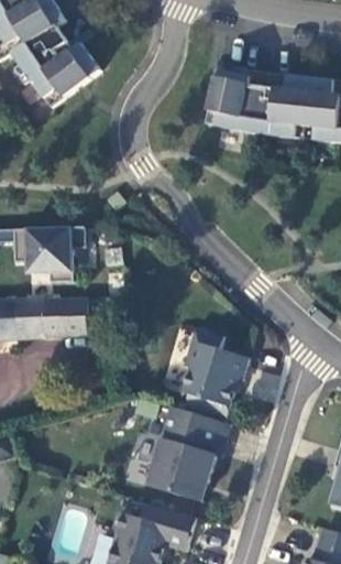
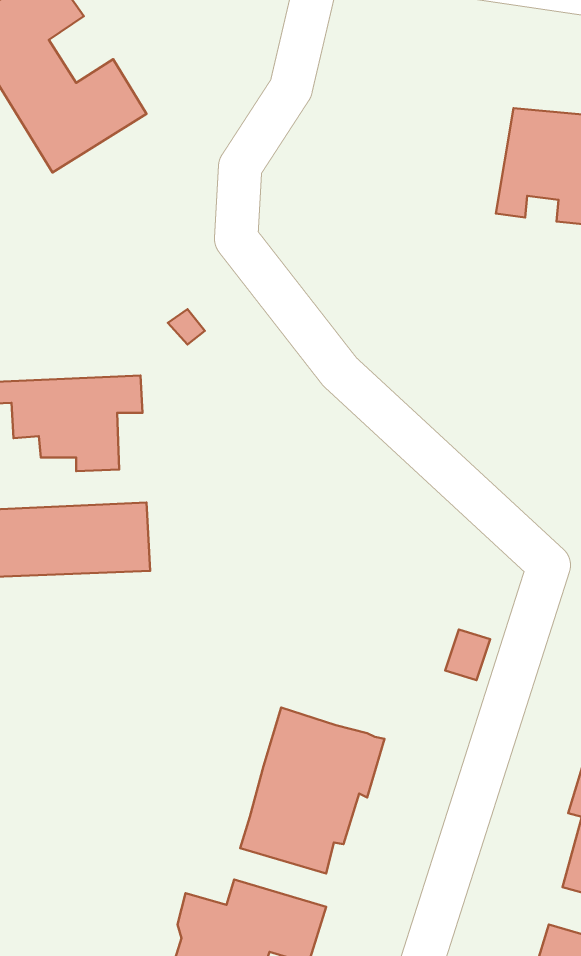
building: [216,66,299,132] -> none
building: [178,332,245,427] -> none

